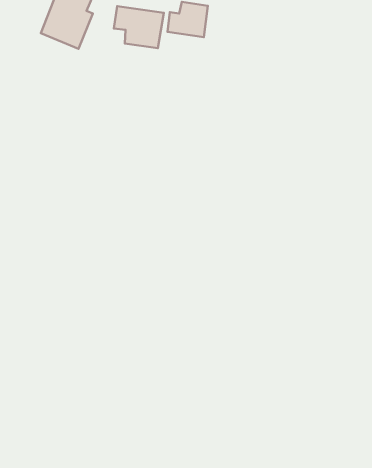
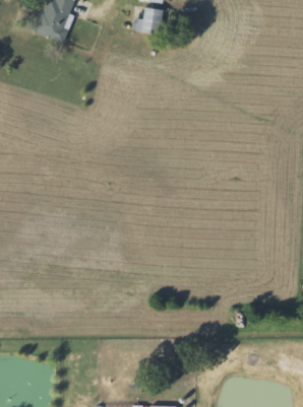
building: [114,6,164,48] -> none

